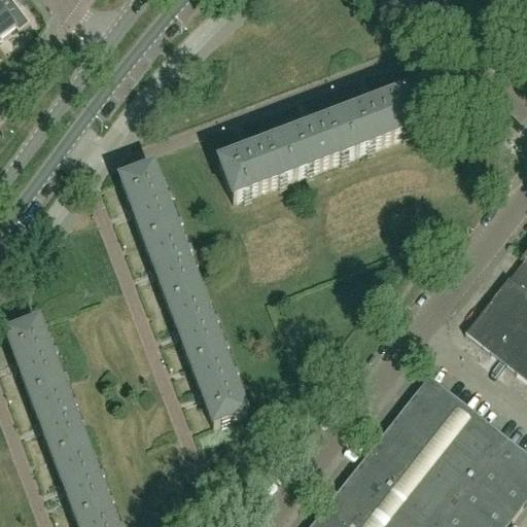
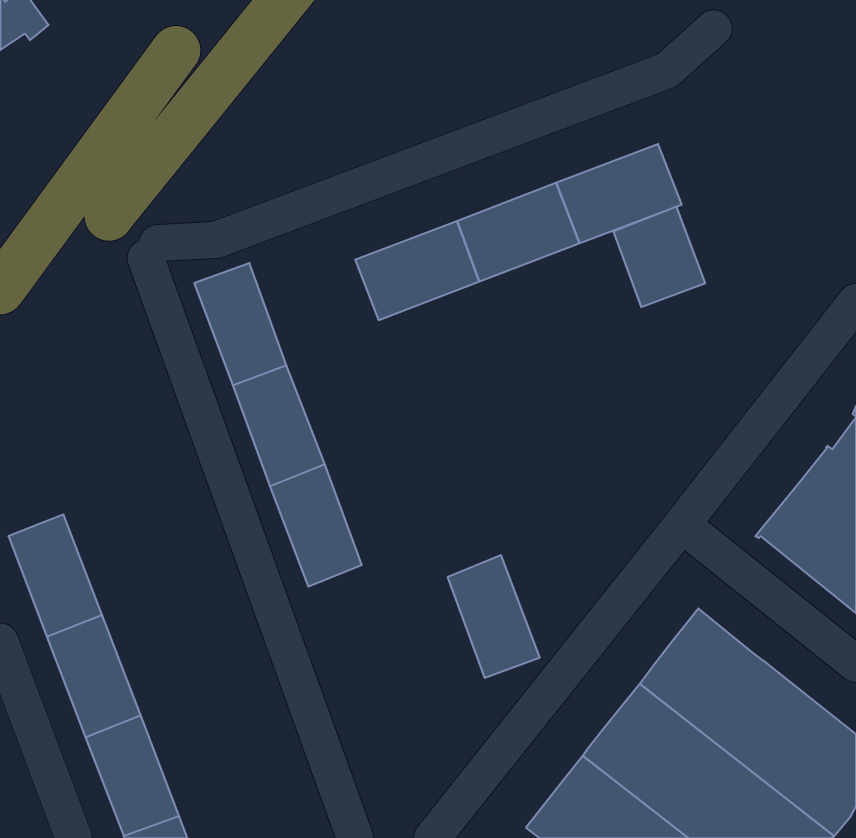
building: none -> [613,207,705,307]
building: [189,347,246,422] -> [448,555,540,678]

